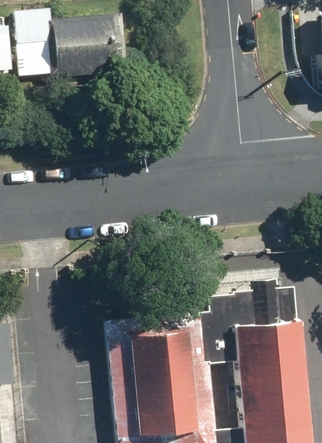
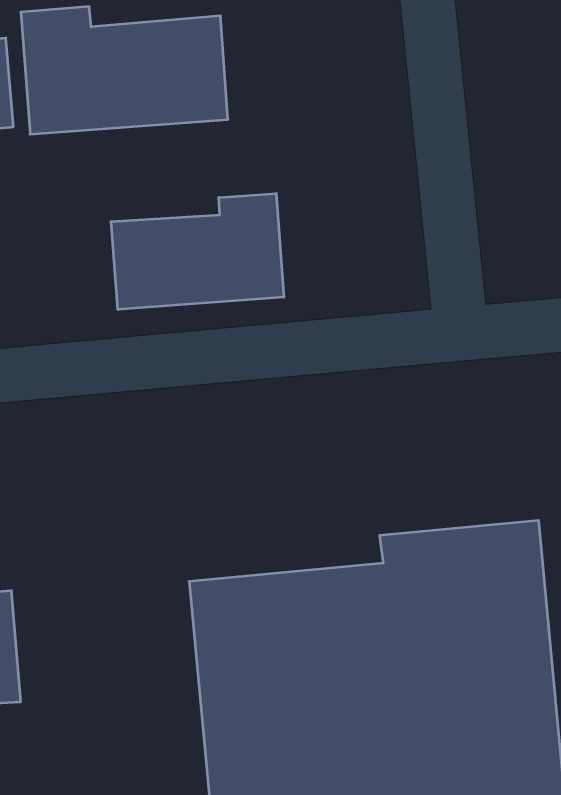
building: none -> [111,193,284,310]

